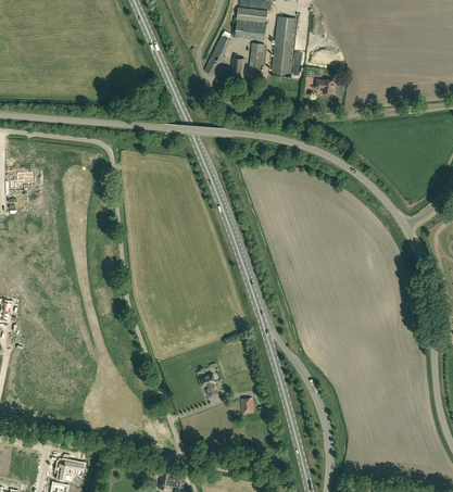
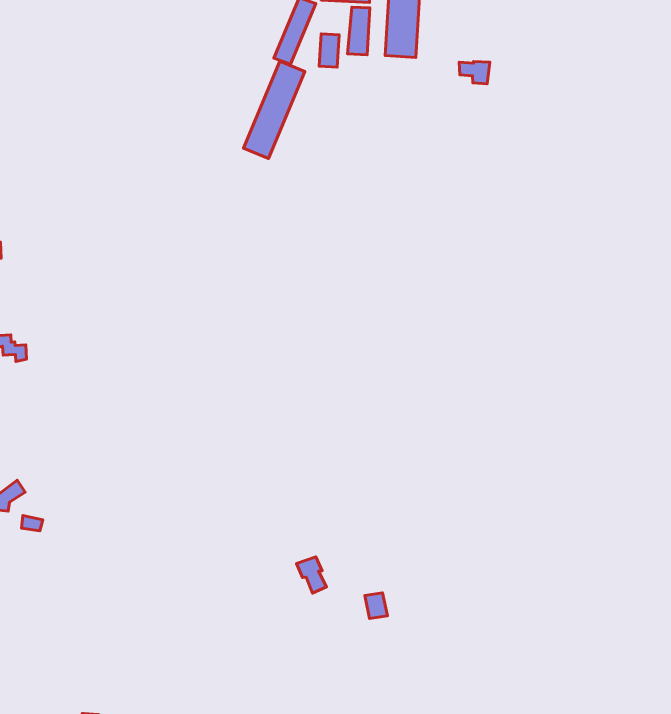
building: none -> [244,61,305,158]

